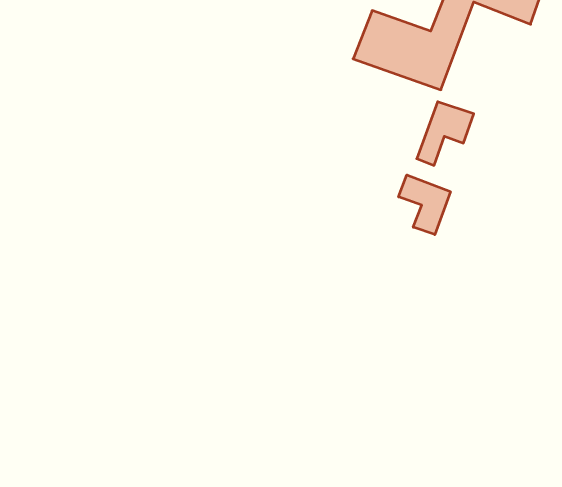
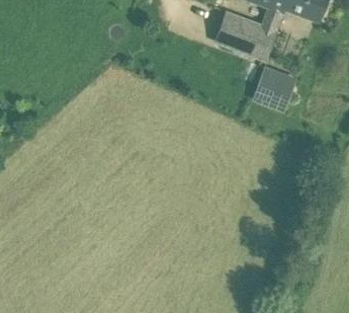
building: [399,175,450,235] -> none

